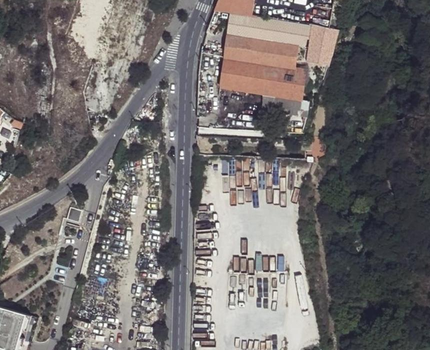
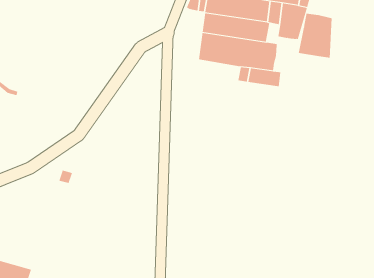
building: none -> [298,13,332,58]

